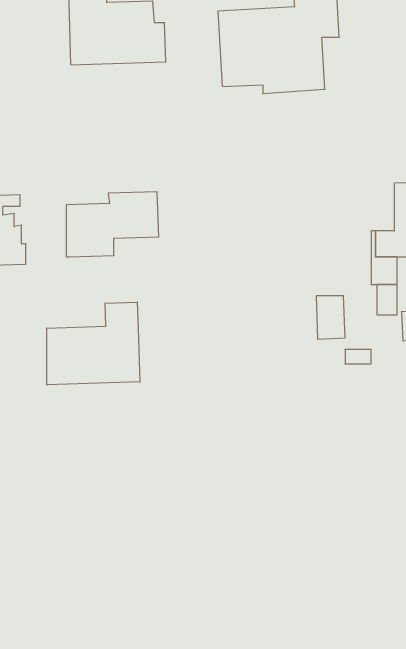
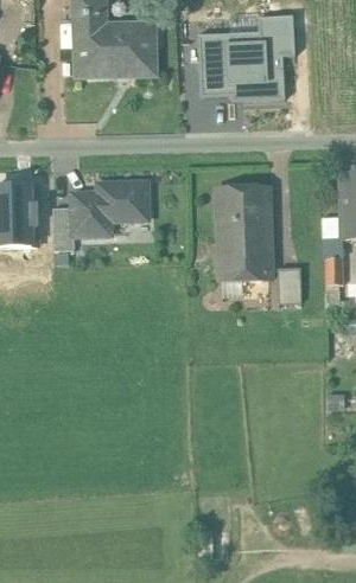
building: none -> [217,186,269,280]
building: none -> [52,206,74,250]
building: [47,302,140,385] -> none

